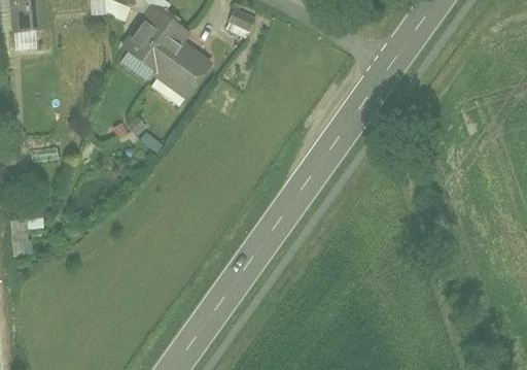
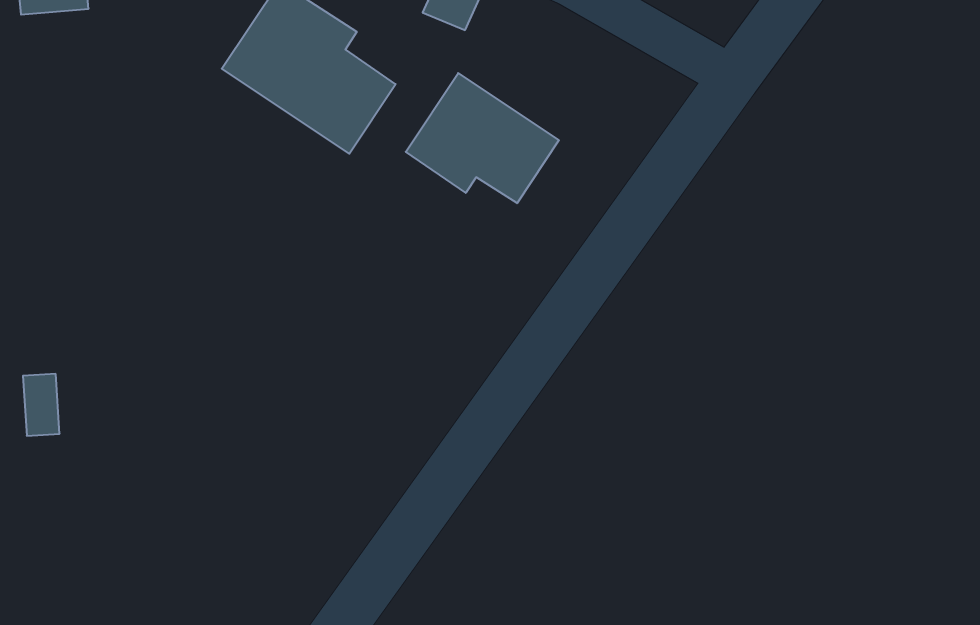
building: none -> [406,73,559,203]

